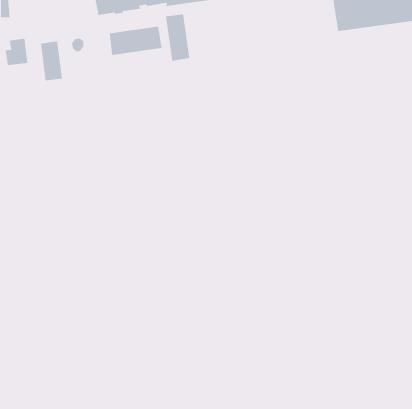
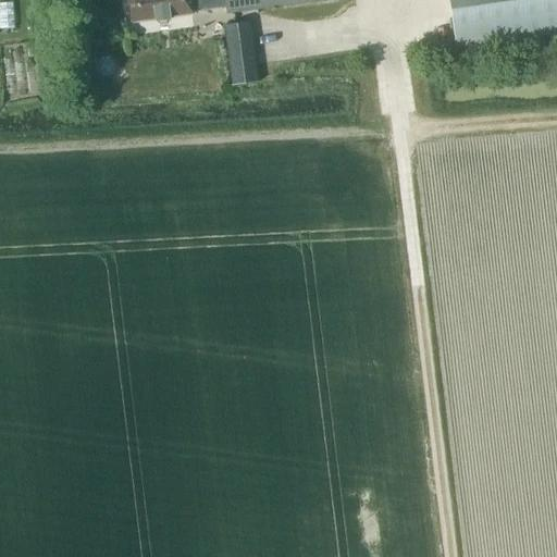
building: [109,26,162,56] -> none
building: [40,41,63,81] -> none

